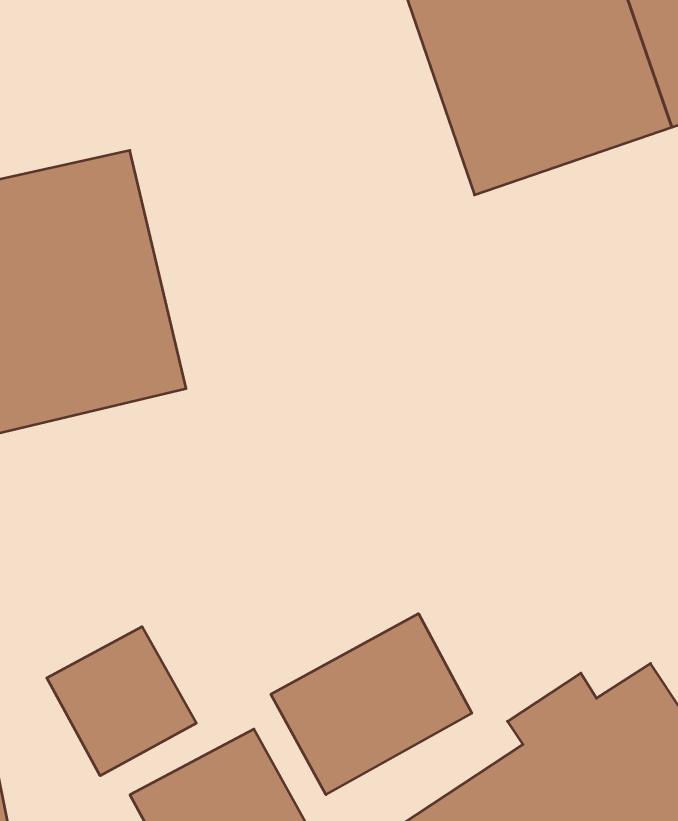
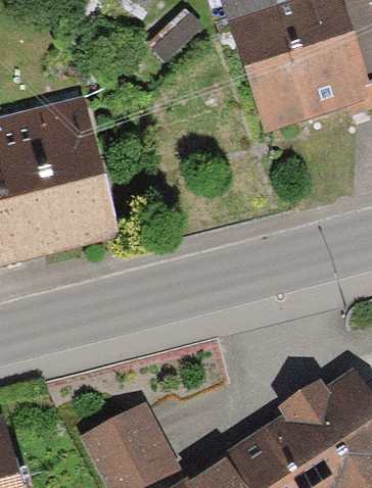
building: [271,614,472,795] -> none
building: [47,627,196,776] -> none

